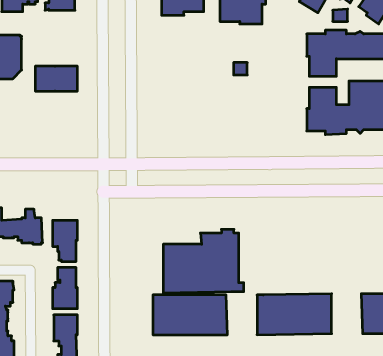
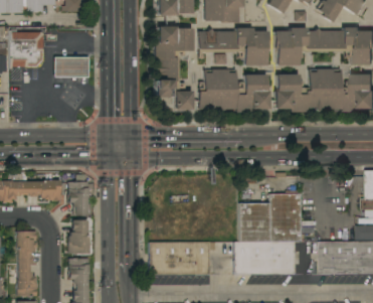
building: none -> [154,26,191,110]
building: none -> [197,28,267,66]
building: none -> [198,69,267,113]
building: [163,229,244,293] -> [239,191,305,243]

